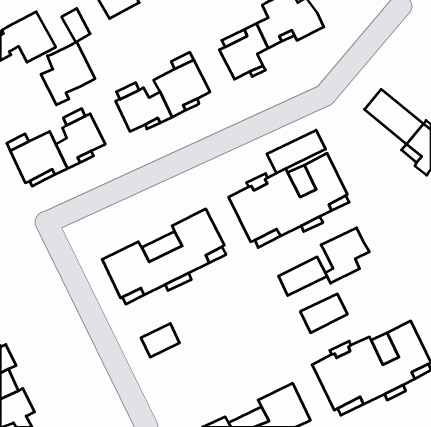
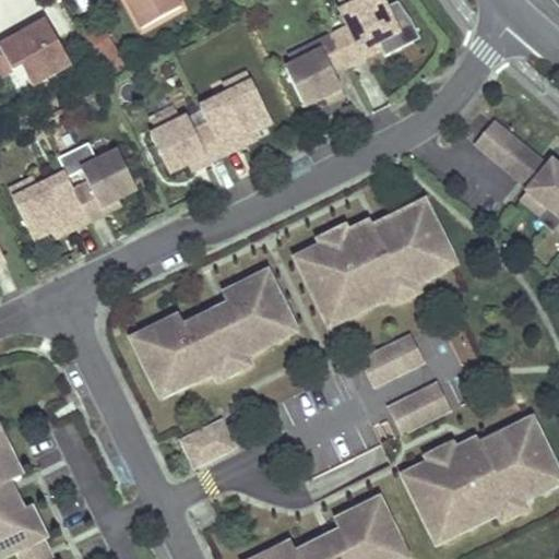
building: [41,42,95,105] -> none
building: [267,130,326,173] -> none
building: [321,228,369,283] -> none

